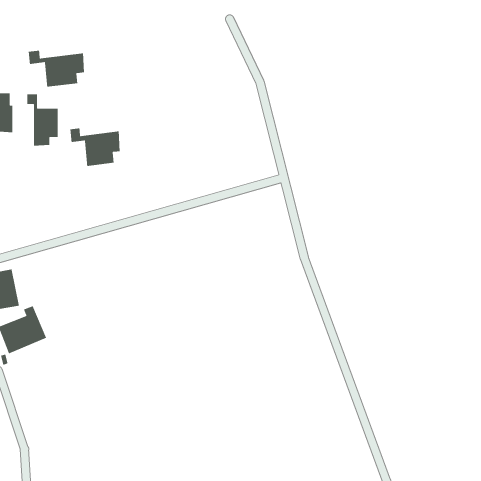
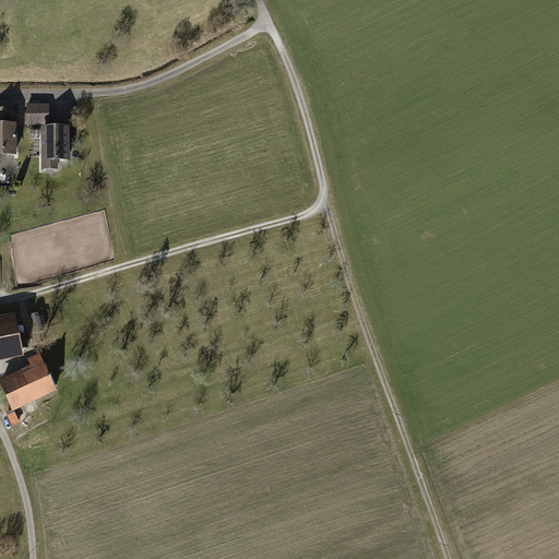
building: [28,50,85,88] -> none
building: [70,127,121,167] -> none

